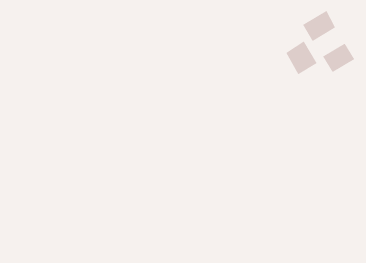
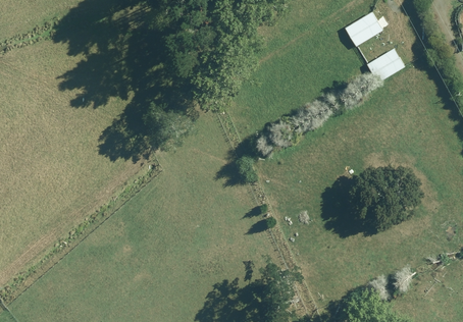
building: [285,41,318,75] -> none

